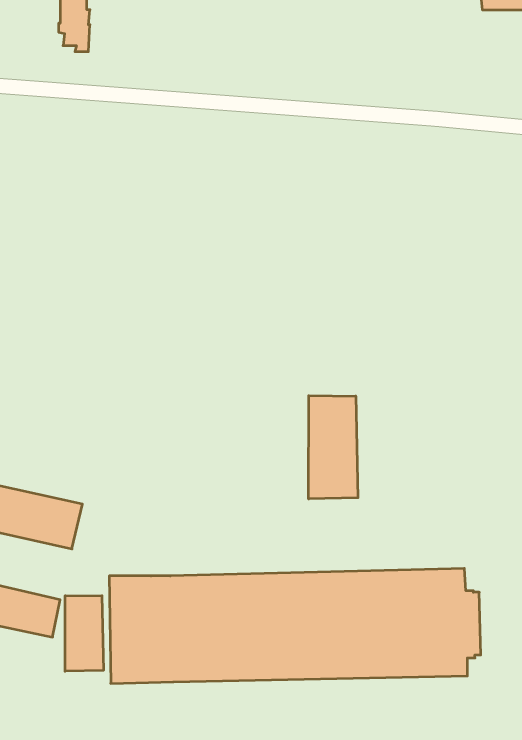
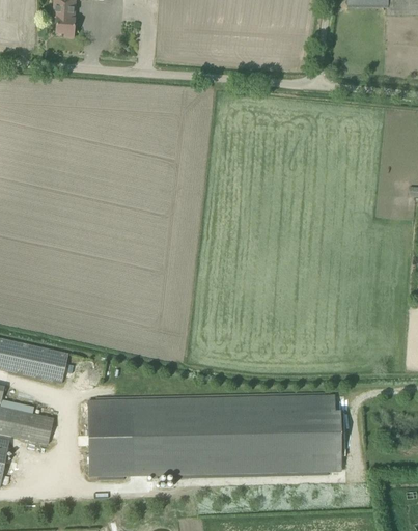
building: [309,396,358,499] -> none
building: [65,596,103,671] -> none

